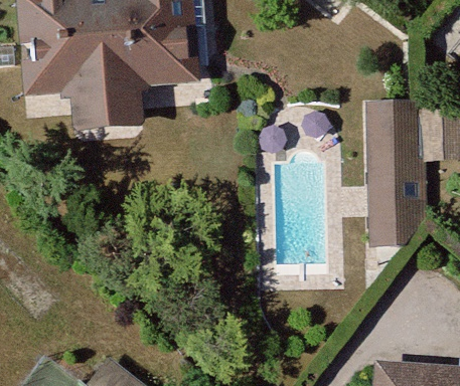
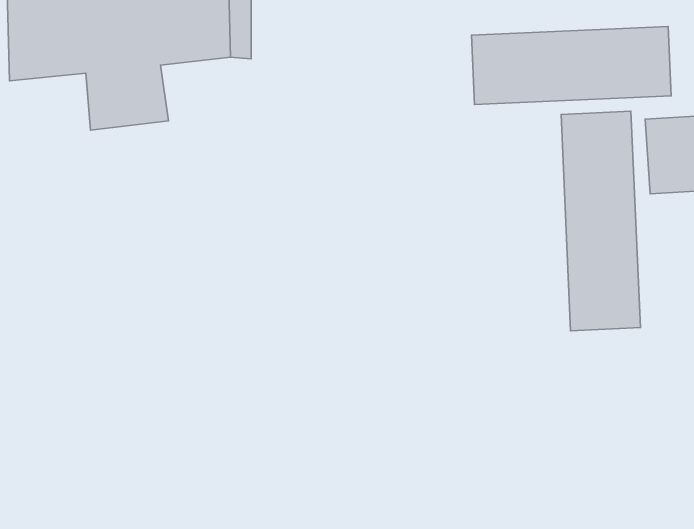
building: none -> [471,26,671,105]

